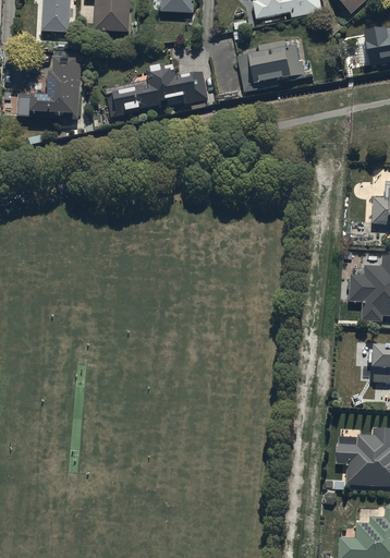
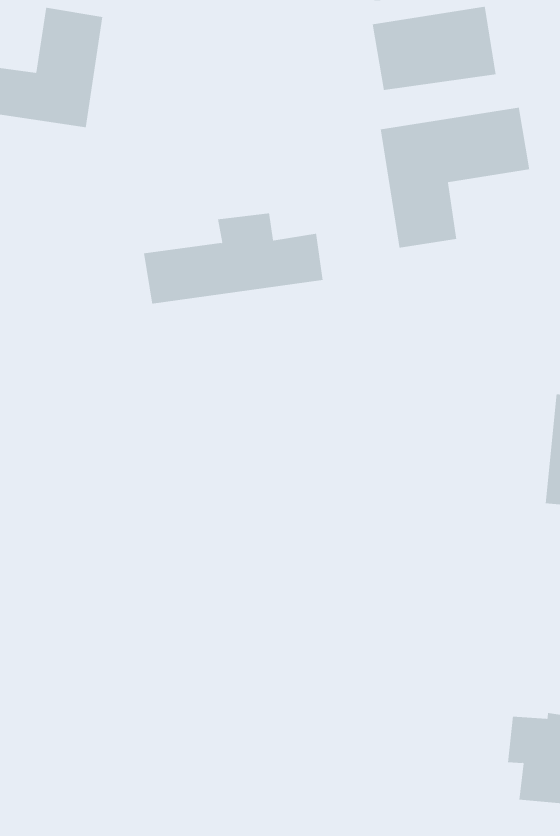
building: [106,63,208,119] -> [143,213,324,304]
building: none -> [380,107,530,248]

